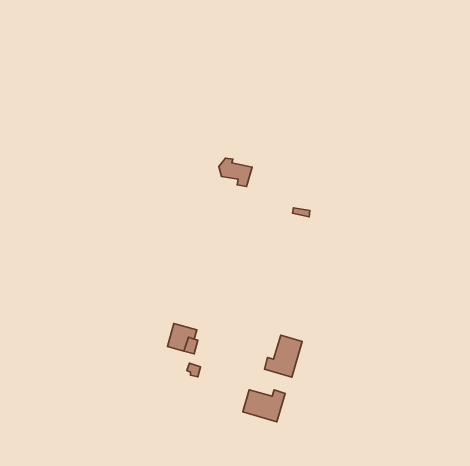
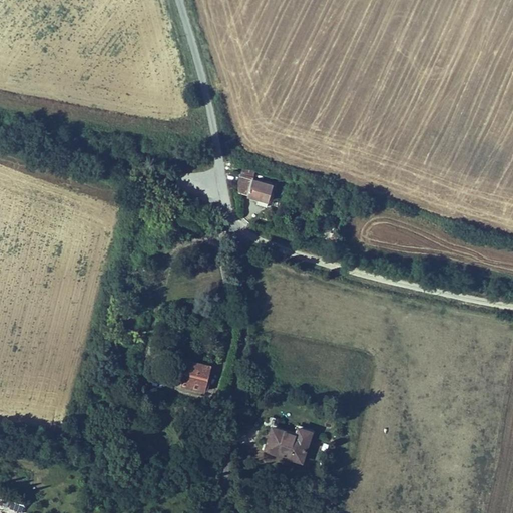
building: [264,335,302,377] -> none

